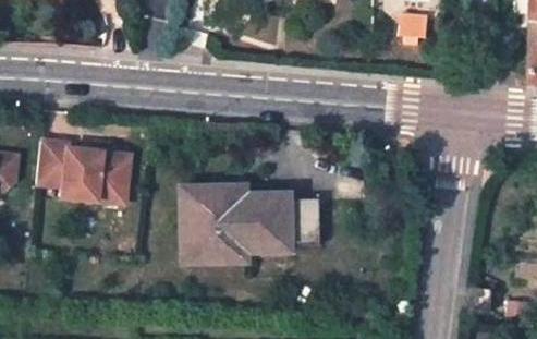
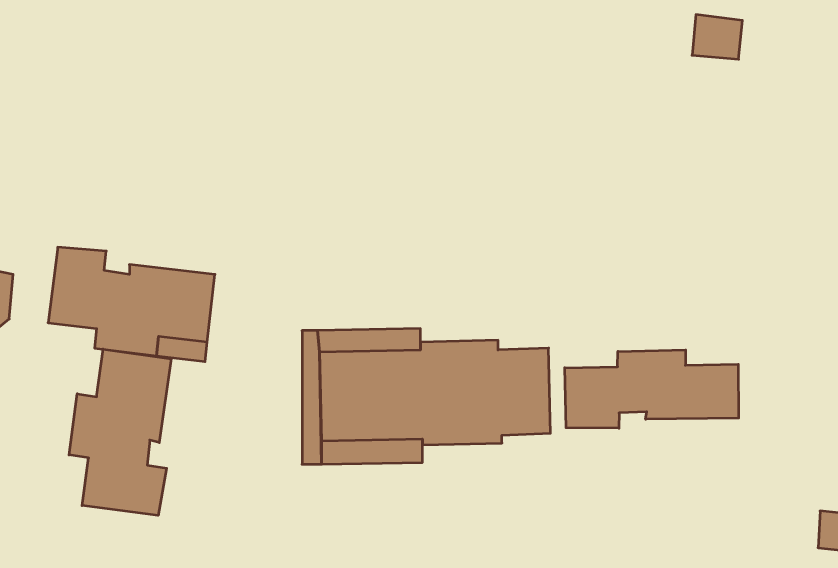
building: none -> [69,349,171,515]
building: none -> [565,350,739,428]

